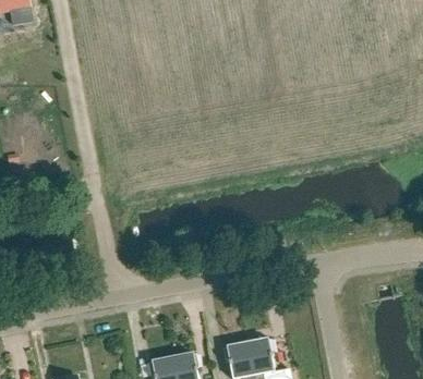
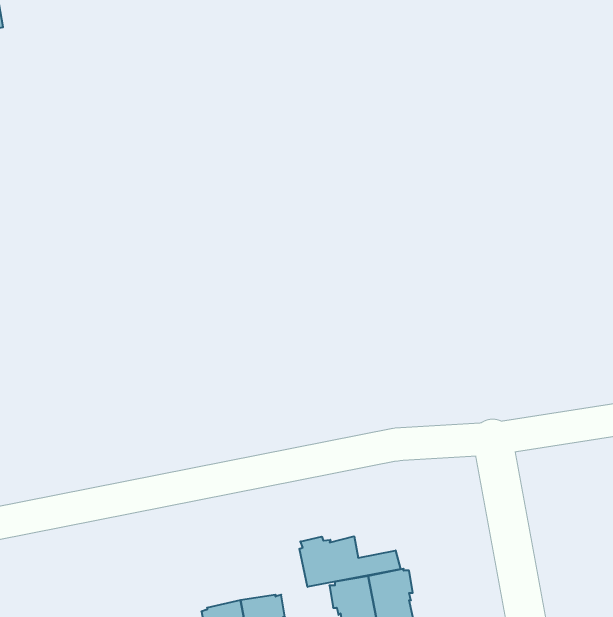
building: none -> [299,536,400,587]

